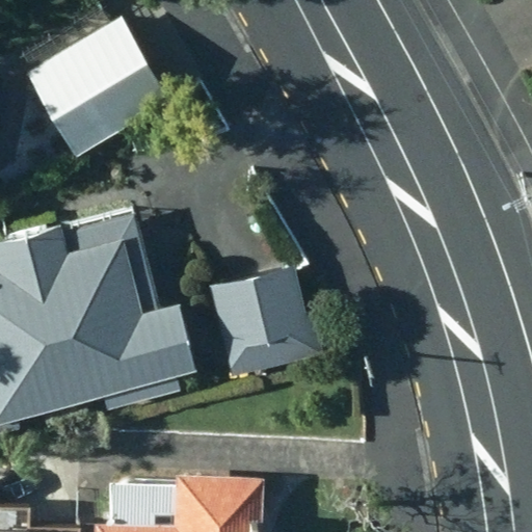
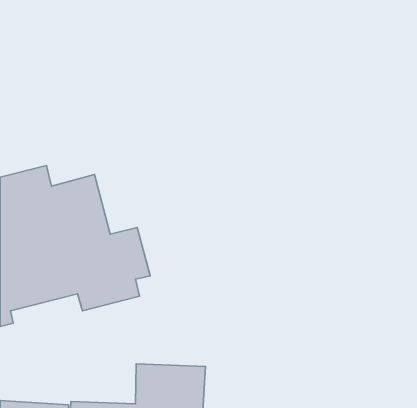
building: [30,23,163,150] -> none
building: [209,269,320,377] -> none

